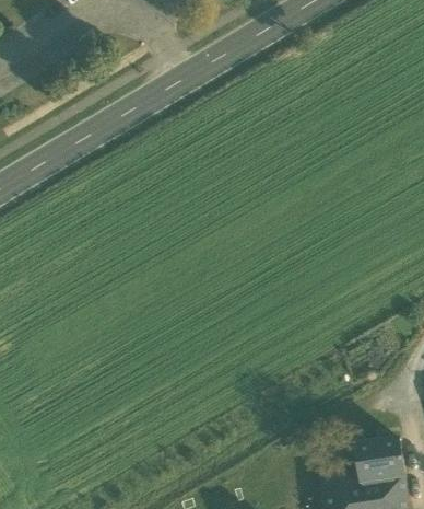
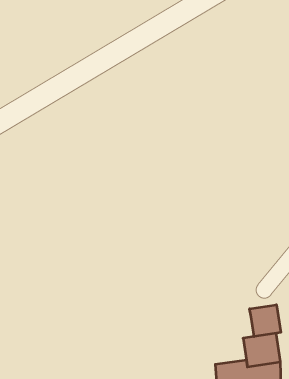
building: none -> [250,305,281,337]

